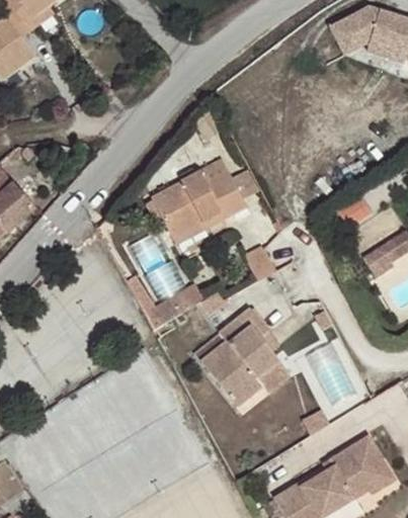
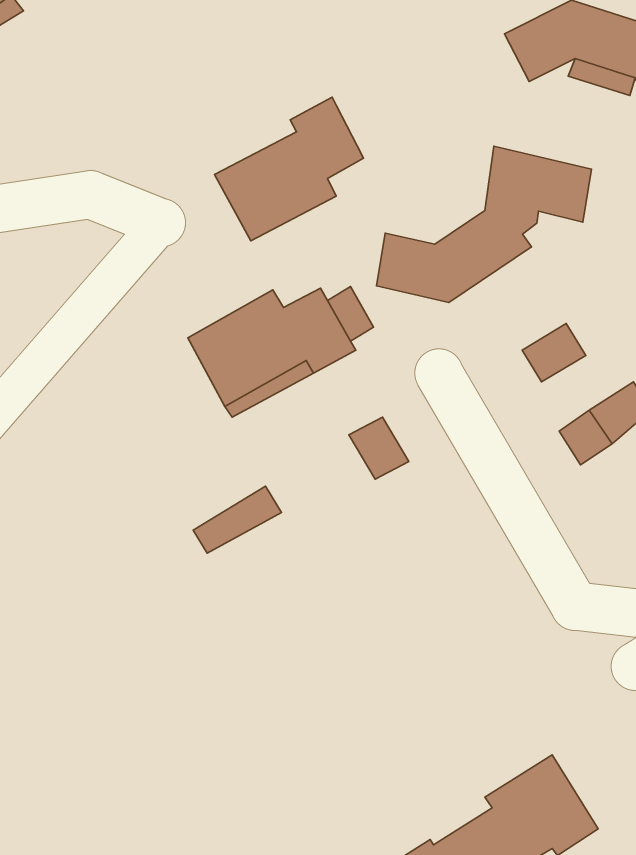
building: none -> [215,97,364,241]
building: none -> [376,146,592,302]
building: [197,312,294,410] -> none

